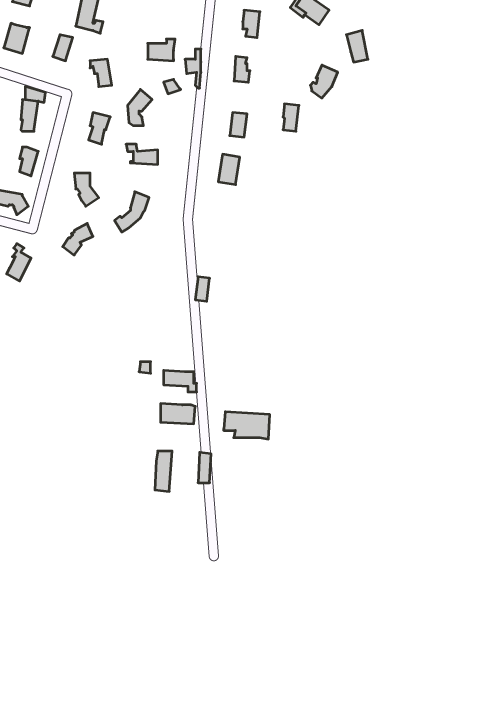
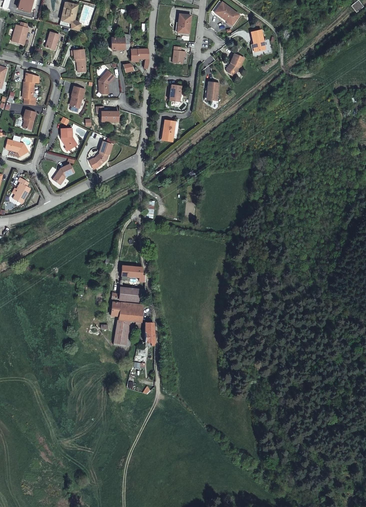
building: [224,412,270,439] -> [111,303,143,322]

